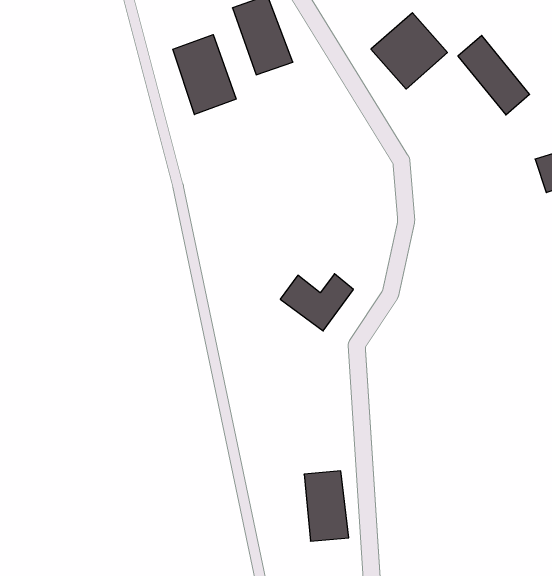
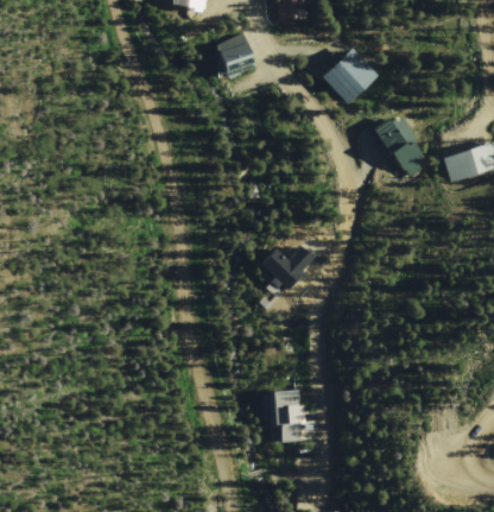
building: [173,35,236,115] -> none
building: [458,35,530,115] -> [375,118,429,177]

